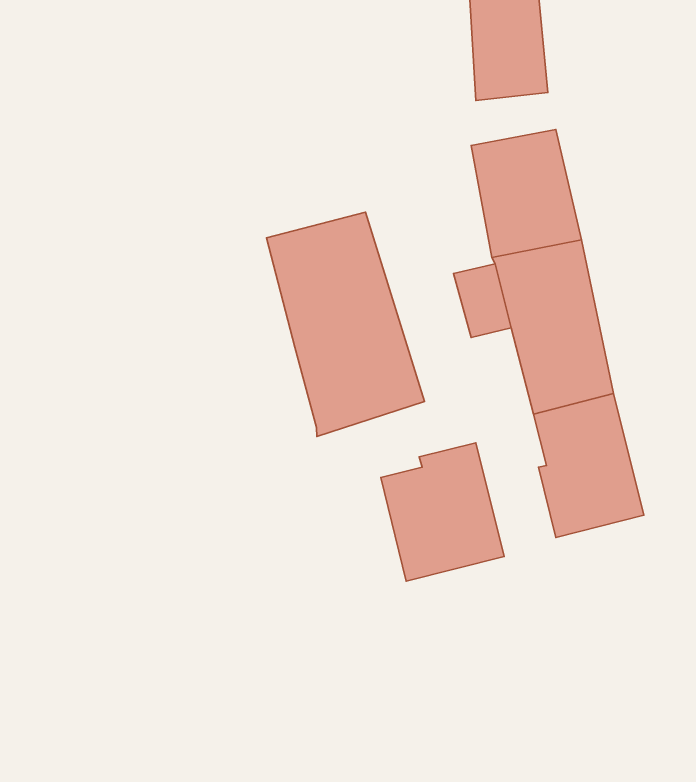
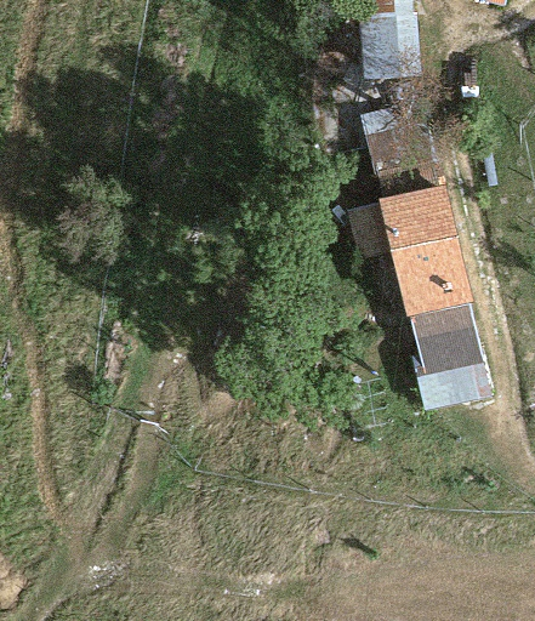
building: [266,212,425,437] -> none
building: [381,443,504,581] -> none

